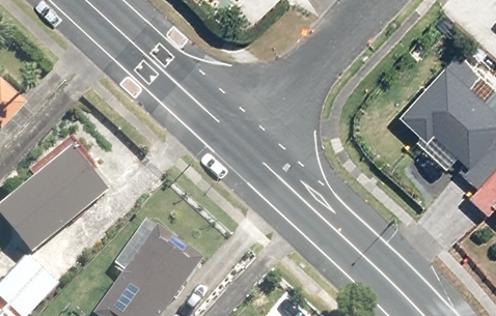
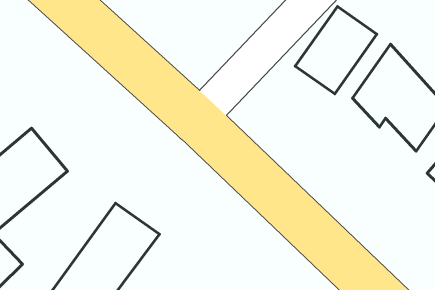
building: none -> [295,6,377,94]

